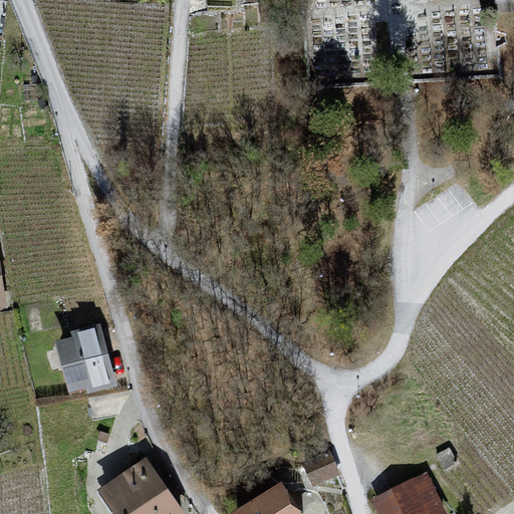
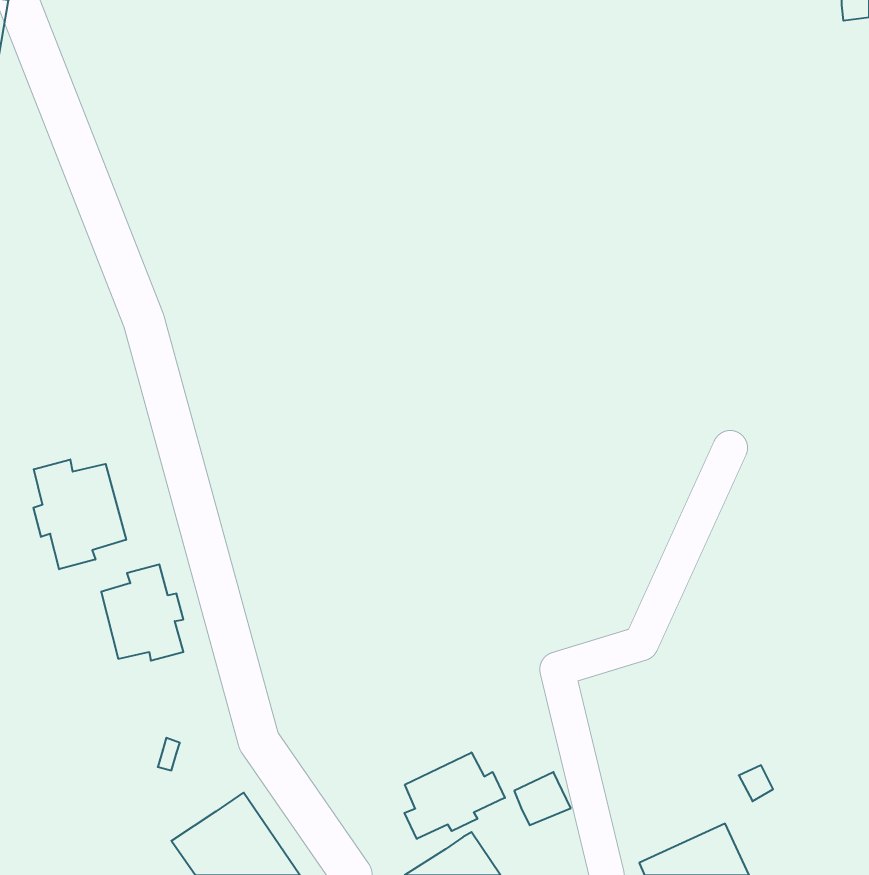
building: none -> [33,459,126,569]
building: none -> [404,752,505,839]

